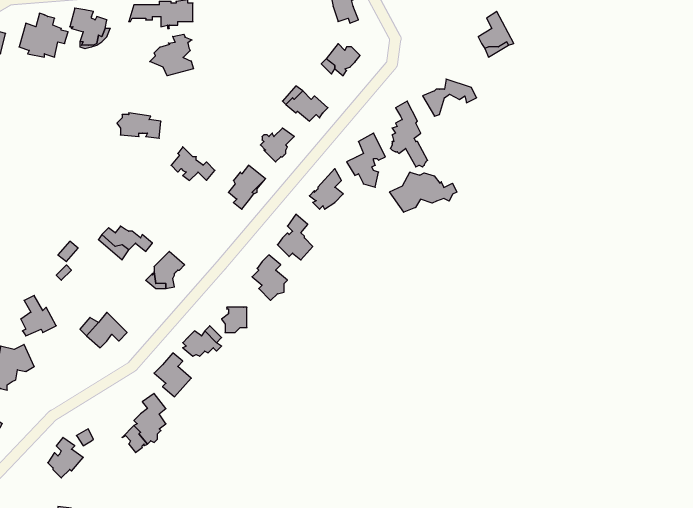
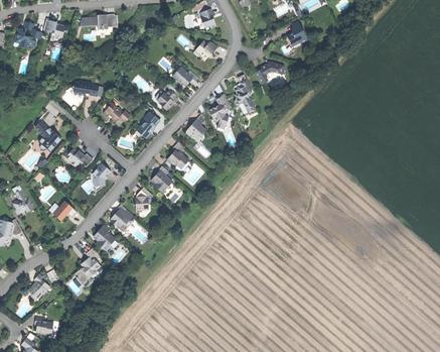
building: [150,34,194,76] -> none
building: [390,172,457,212] -> none
building: none -> [35,121,61,151]

